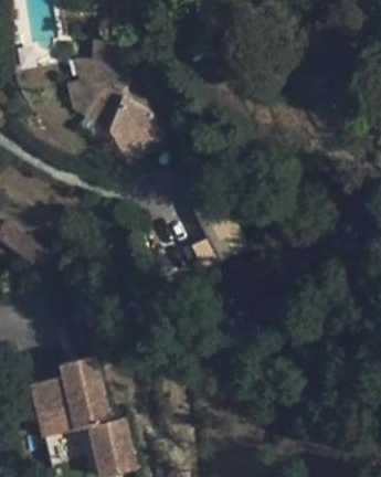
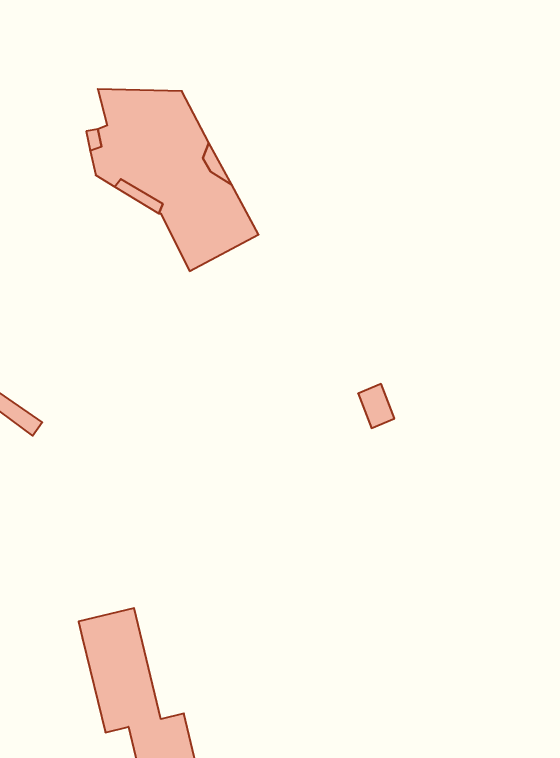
building: [34,375,80,437] -> none

